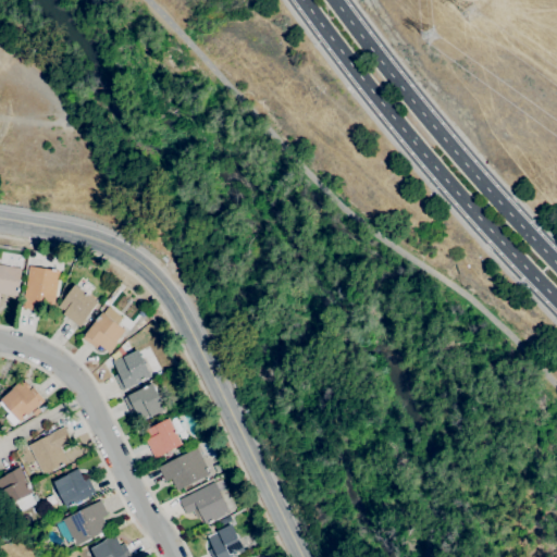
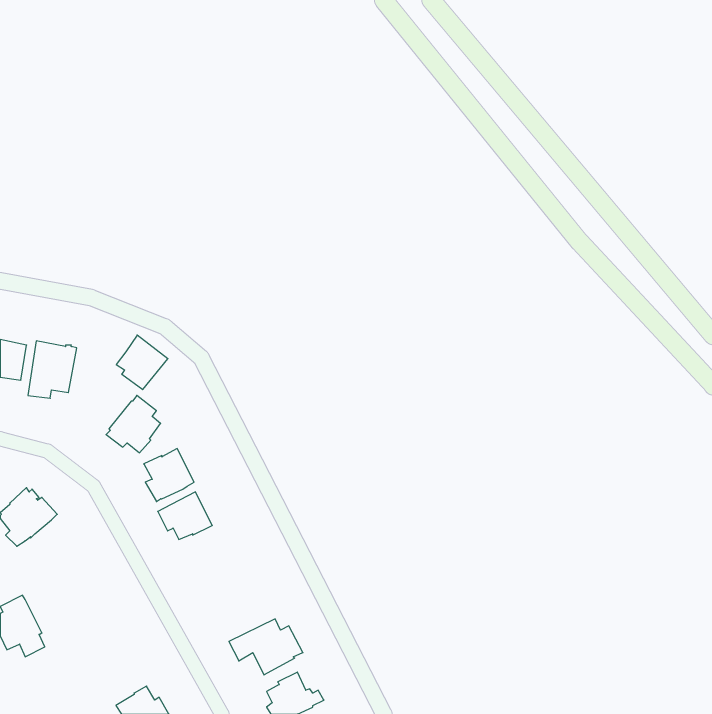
building: [59,284,99,326] -> [116,335,168,390]
building: [146,418,183,458] -> none
building: [28,426,73,474] -> none
building: [159,447,211,491] -> none
building: [54,469,97,508] -> none
building: [62,500,109,546] -> none

